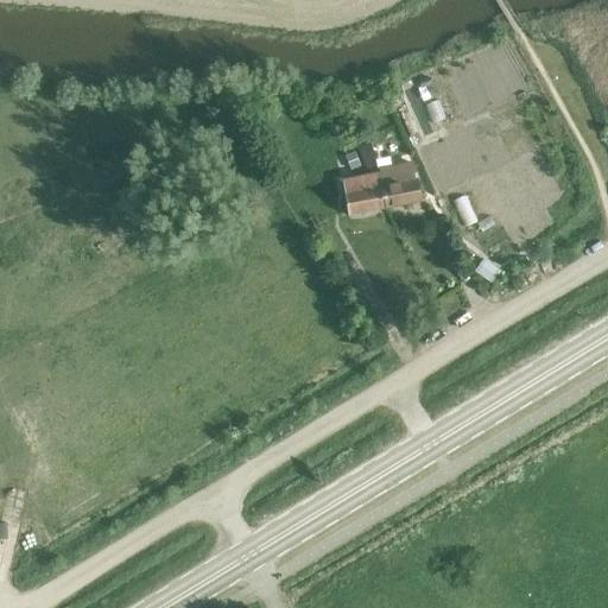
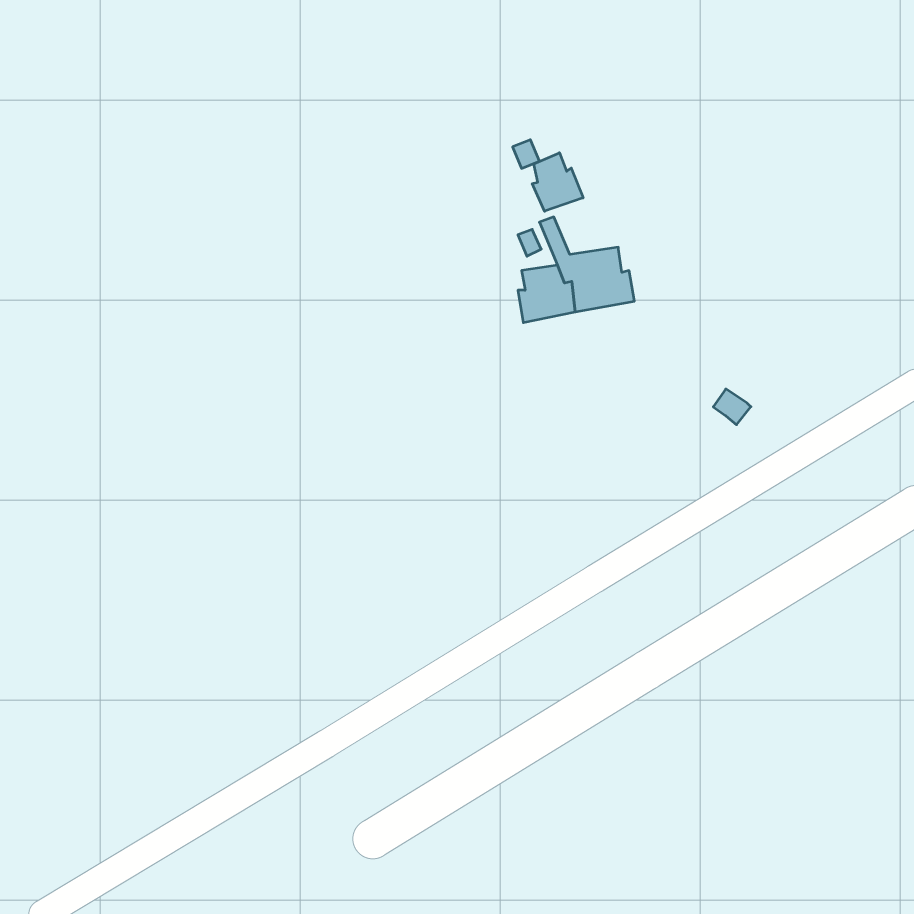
building: none -> [532,153,583,211]

